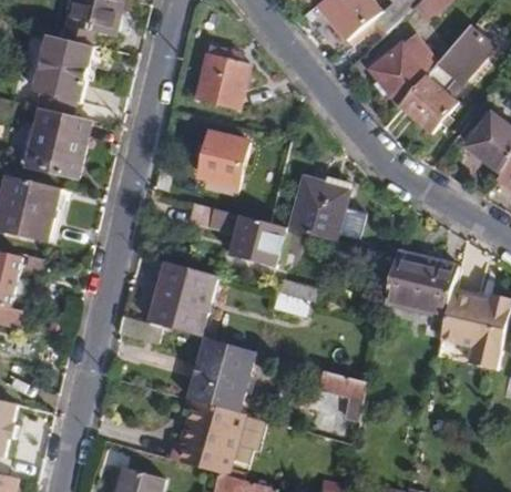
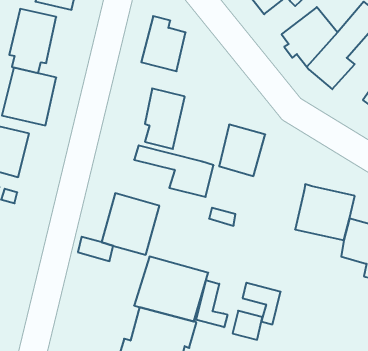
building: none -> [196,280,227,327]

